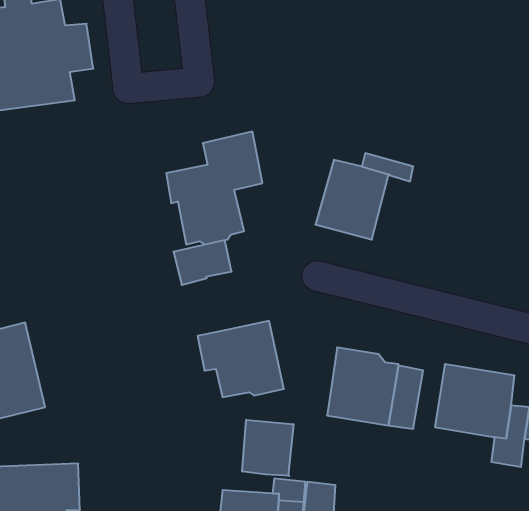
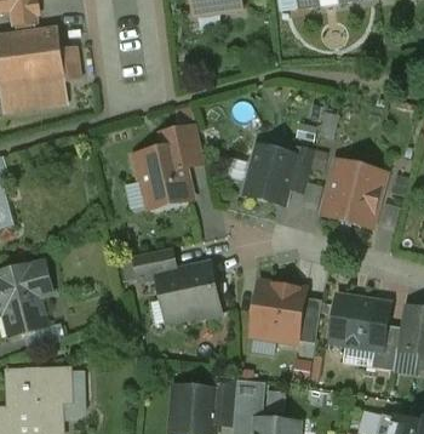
building: none -> [322,160,385,227]
building: [173,240,232,285] -> [133,247,176,280]
building: [242,420,293,476] -> none

